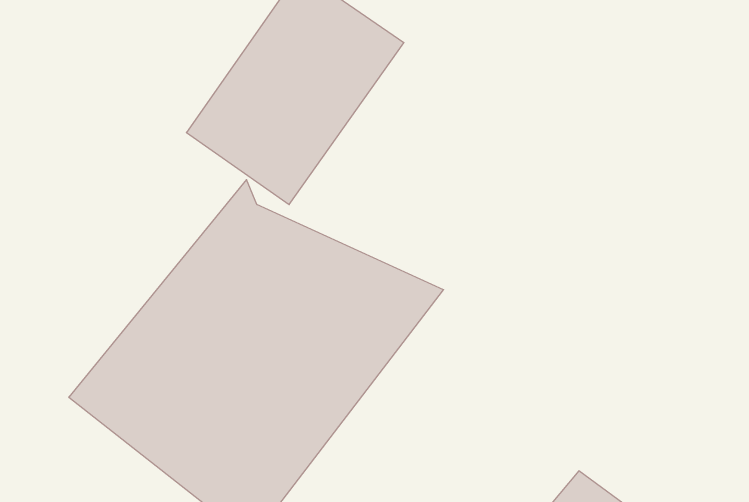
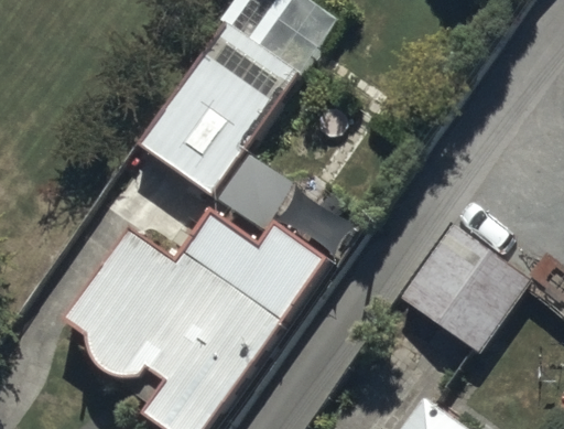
building: none -> [401,219,534,352]

